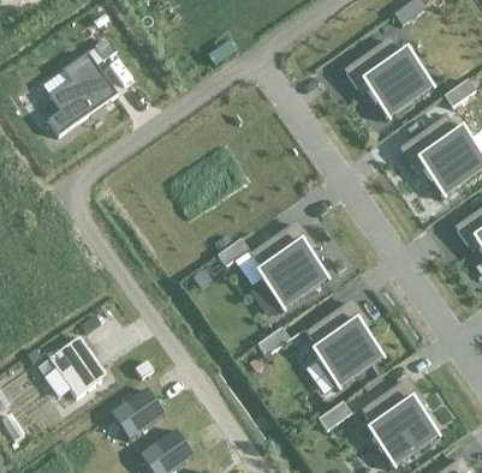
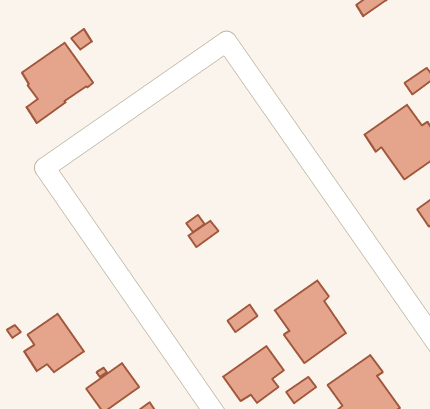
building: [346,40,433,118] -> none
building: [252,222,327,309] -> none
building: none -> [223,346,284,403]

